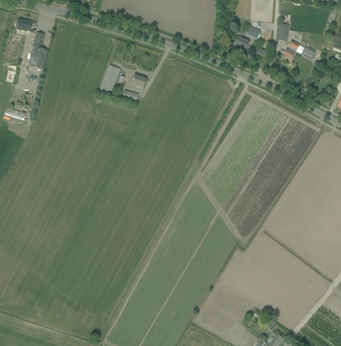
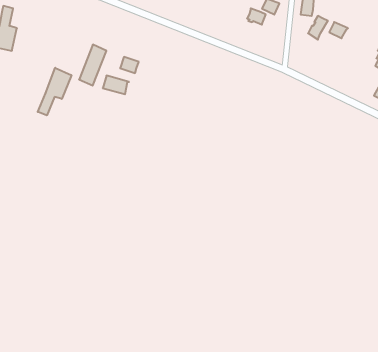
building: none -> [38,68,71,115]

